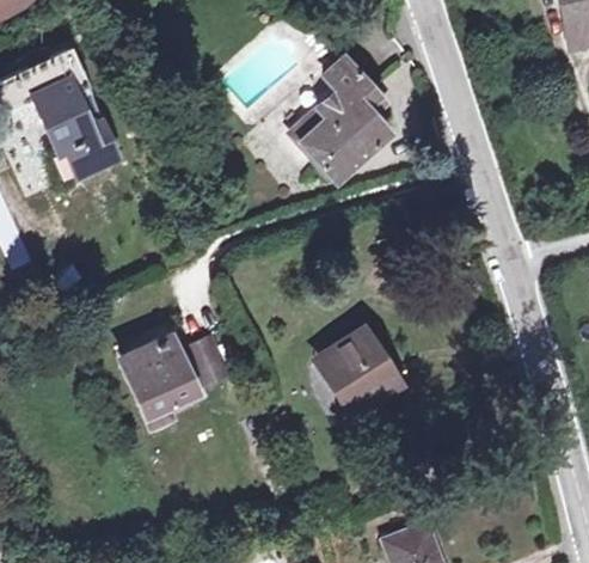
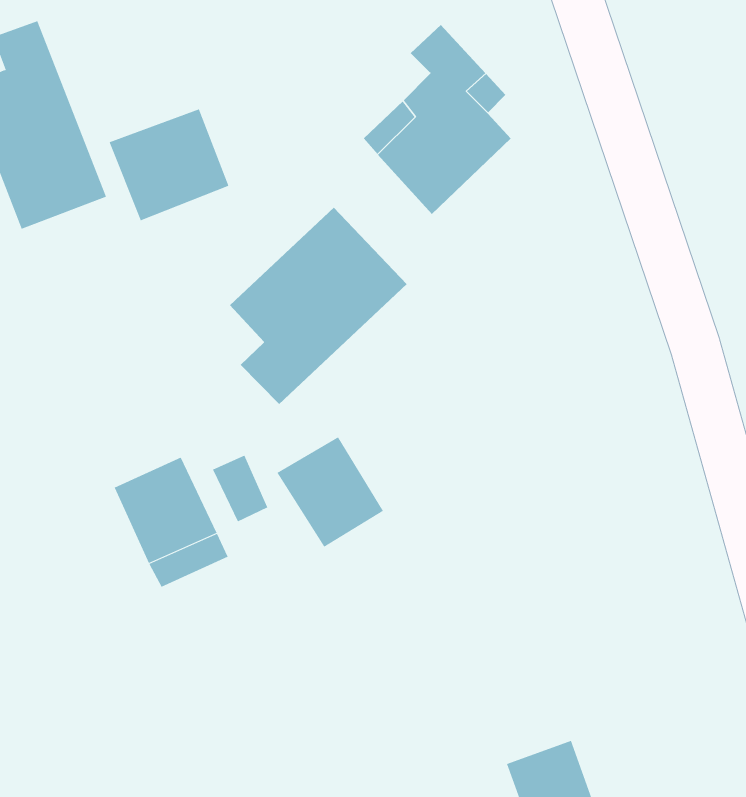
building: none -> [109,108,229,221]
building: none -> [229,207,407,405]
building: [320,333,391,406] -> [277,436,384,547]

